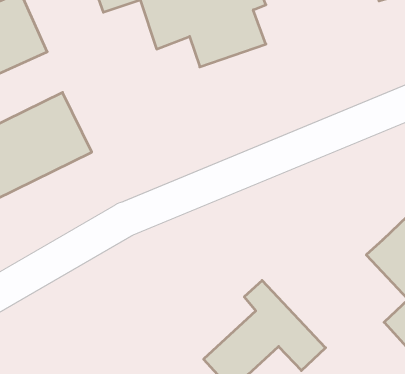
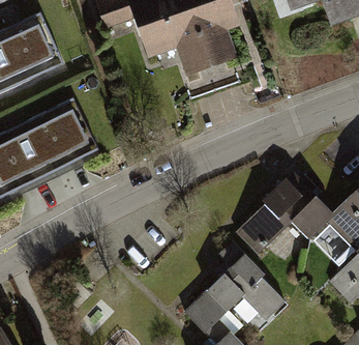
building: none -> [233,182,332,261]

